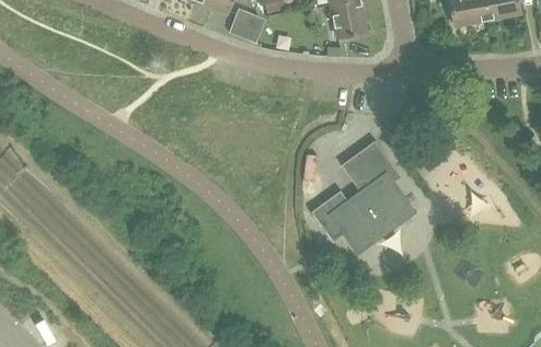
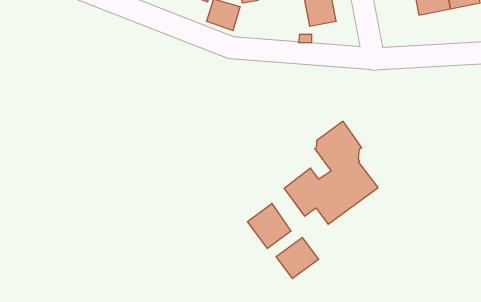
building: none -> [247,203,291,249]
building: none -> [276,237,319,279]

